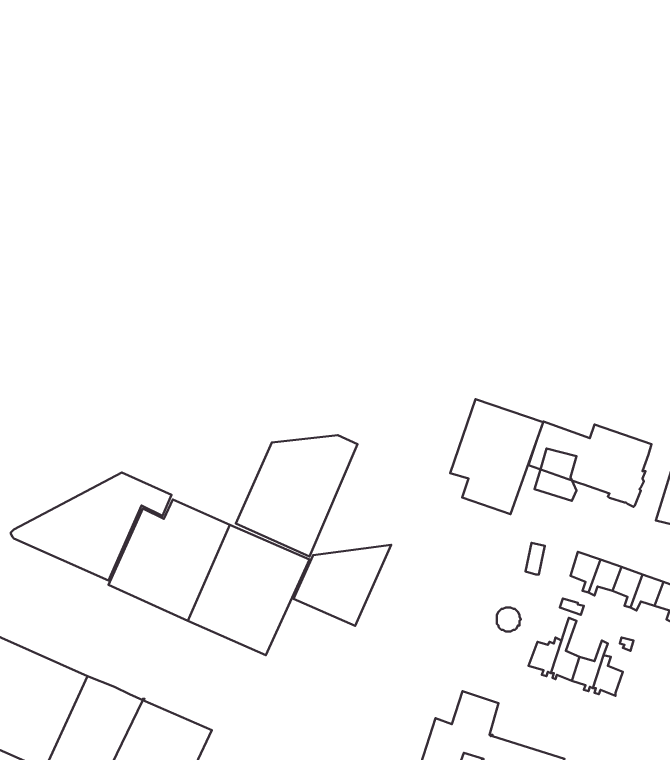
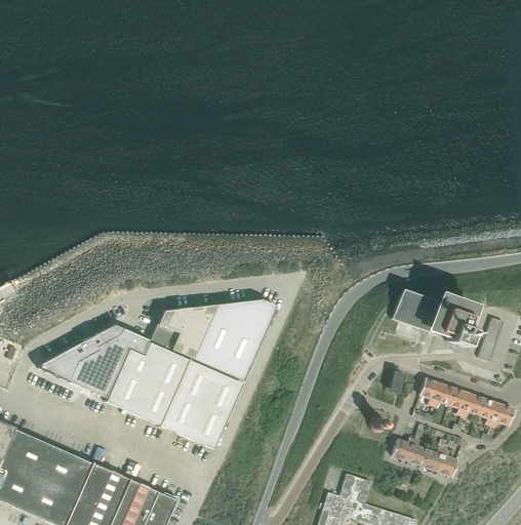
building: [450,399,543,514] -> none
building: [294,545,391,626] -> [151,304,217,359]

